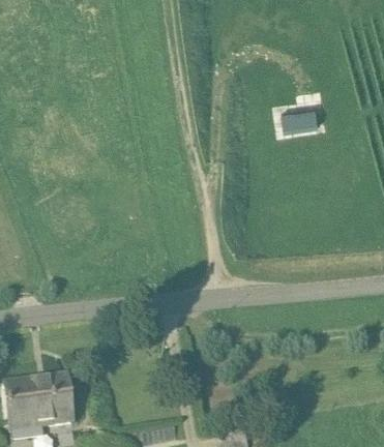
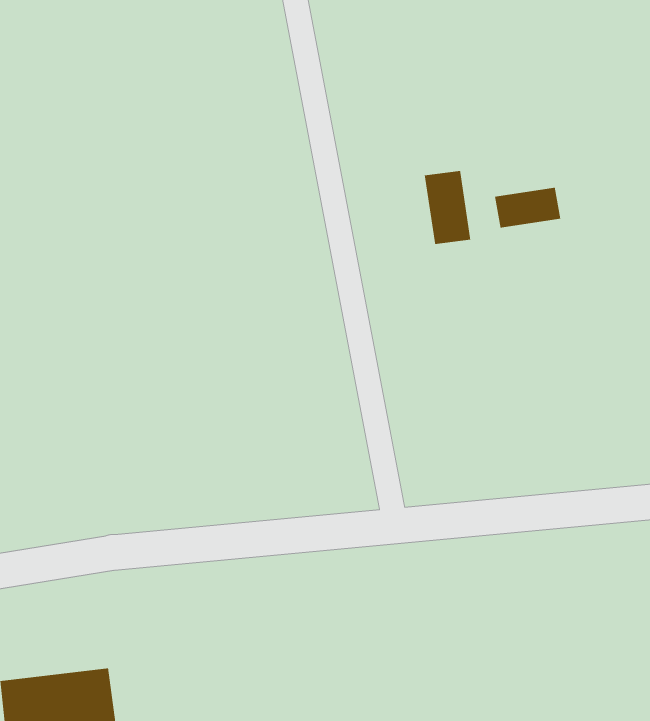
building: none -> [424,170,471,245]

